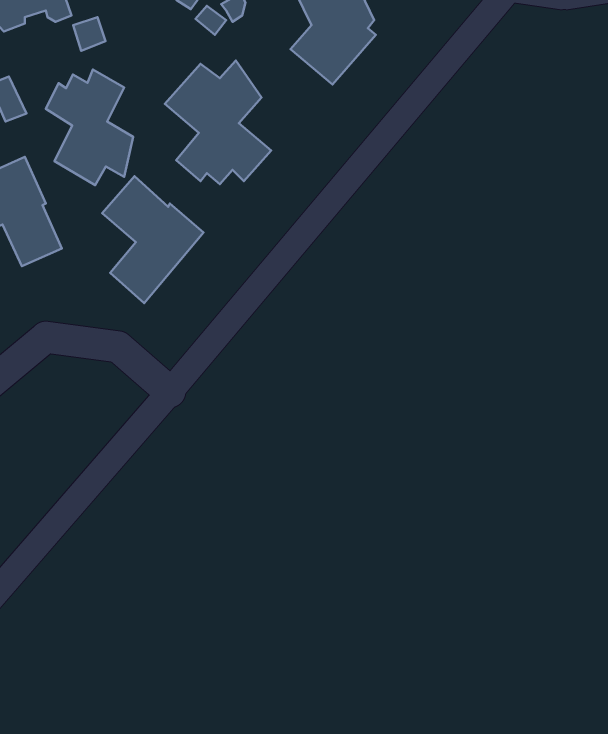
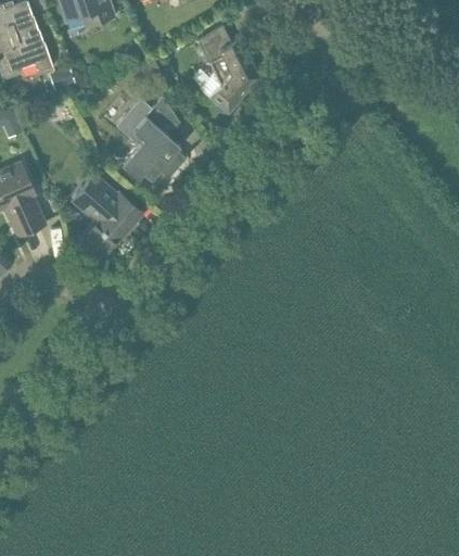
building: [46,70,133,185] -> none

